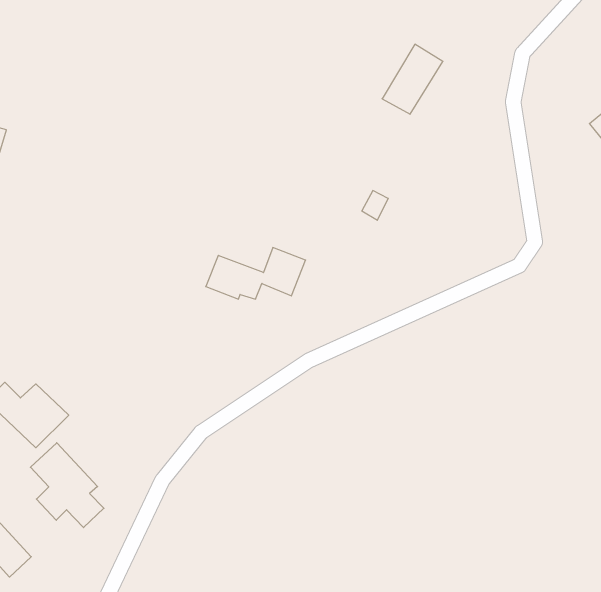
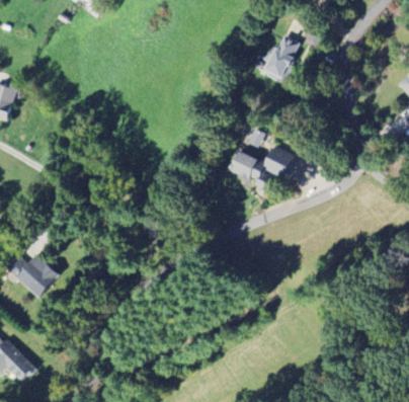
building: [206,248,306,299] -> [228,146,293,179]
building: [30,443,104,528] -> none

